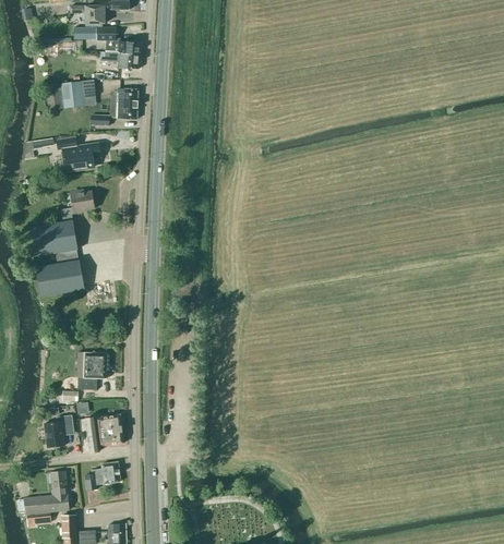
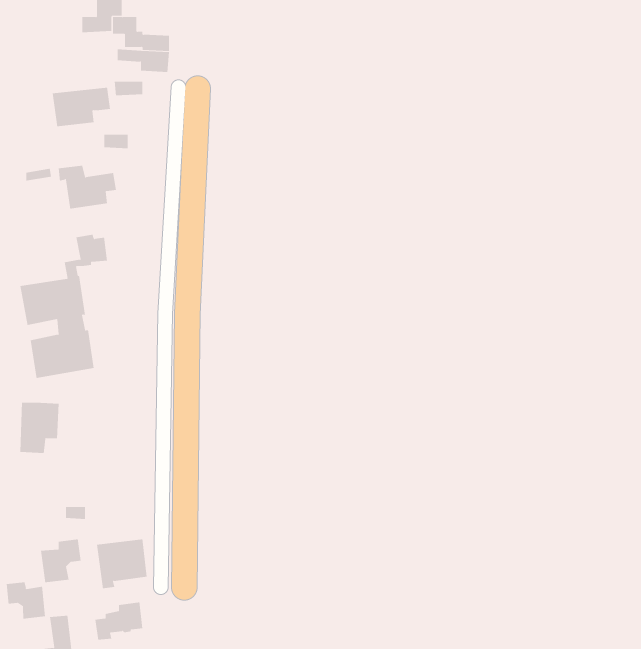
building: [113,89,137,120] -> none
building: [77,352,107,390] -> [20,402,59,454]
building: none -> [6,582,46,620]

